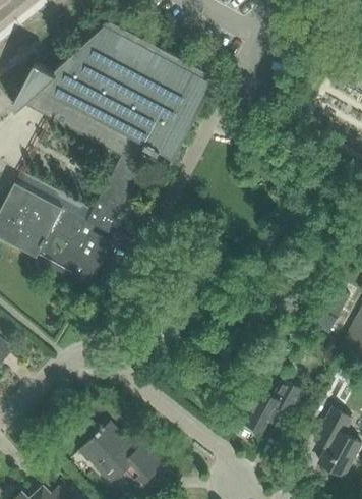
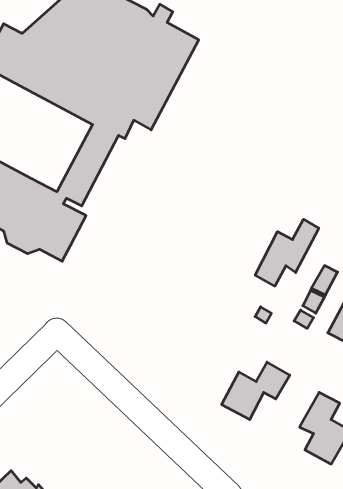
building: none -> [255,219,319,286]
building: [80,423,164,490] -> none

